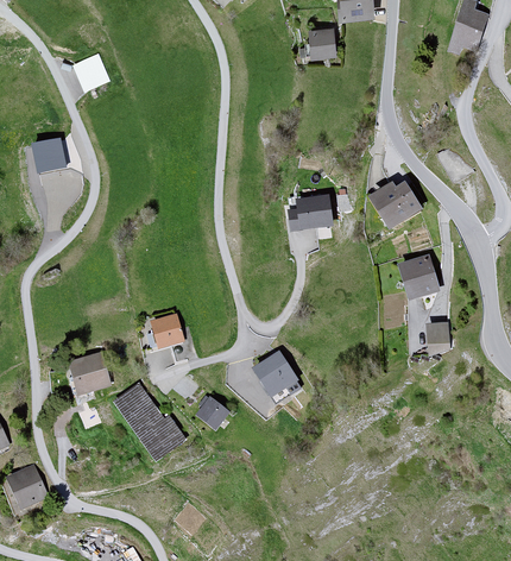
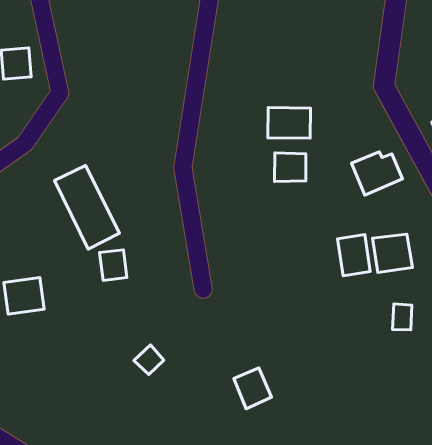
building: none -> [268,107,310,138]
building: none -> [338,235,370,276]
building: [254,349,291,389] -> [234,368,271,409]
building: [116,380,183,456] -> [54,166,119,249]

